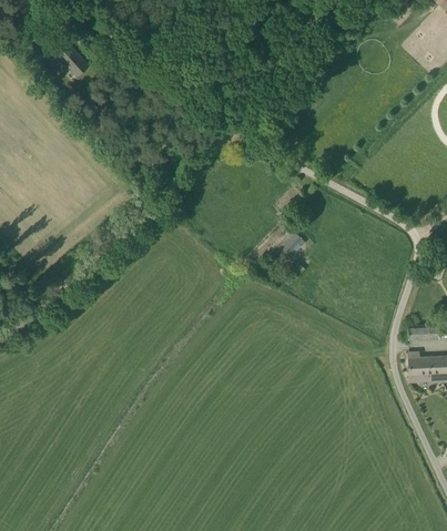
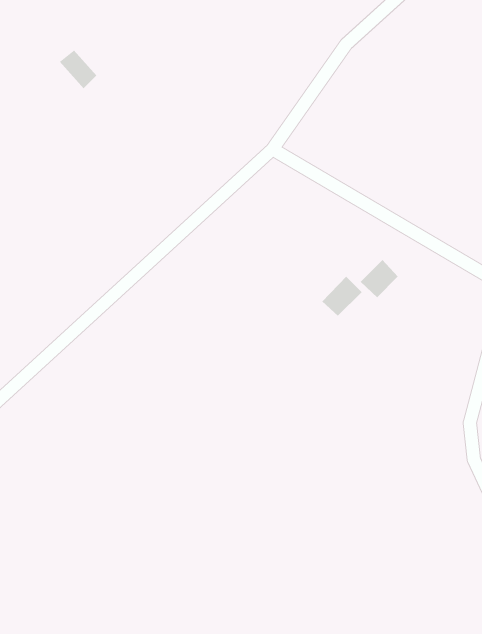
building: none -> [360,259,399,298]

